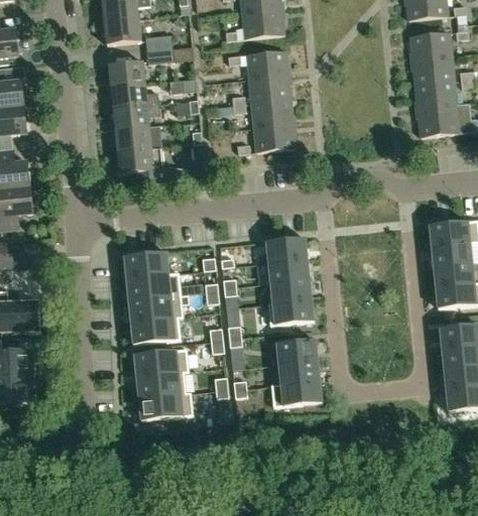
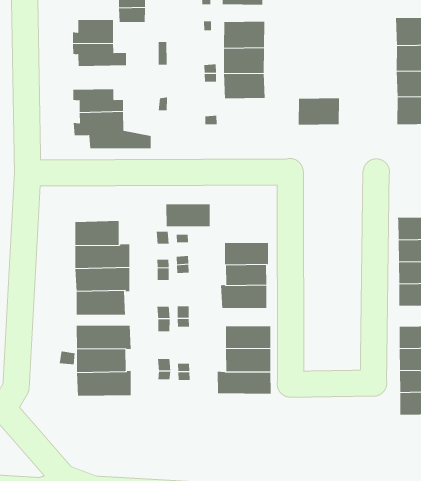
building: [109,103,160,130] -> none
building: [254,122,295,151] -> [298,98,340,125]
building: [264,237,309,262] -> [166,204,211,227]

